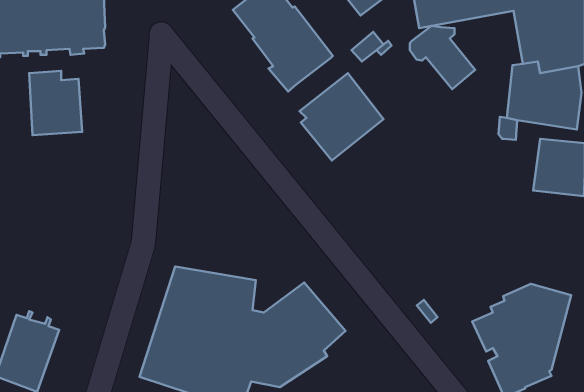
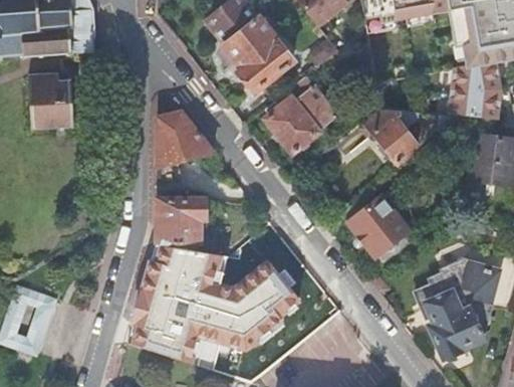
building: [410,26,475,89] -> [360,108,418,163]
building: none -> [156,110,215,244]
building: none -> [341,196,416,264]

